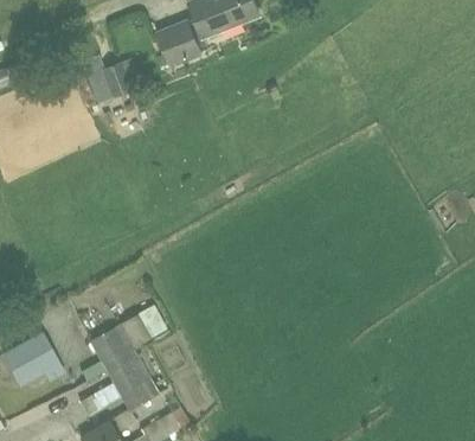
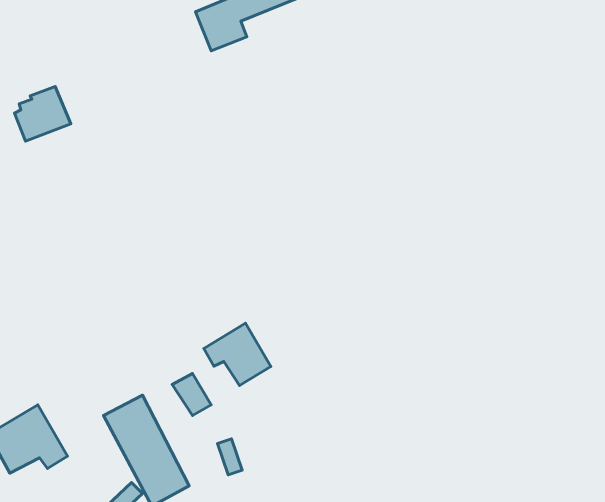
building: [89,60,131,102] -> [15,87,71,141]
building: none -> [204,323,271,386]

